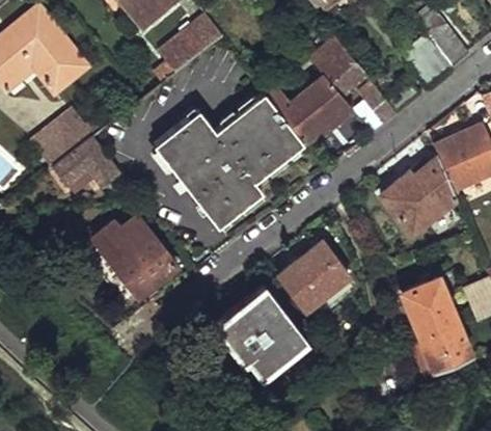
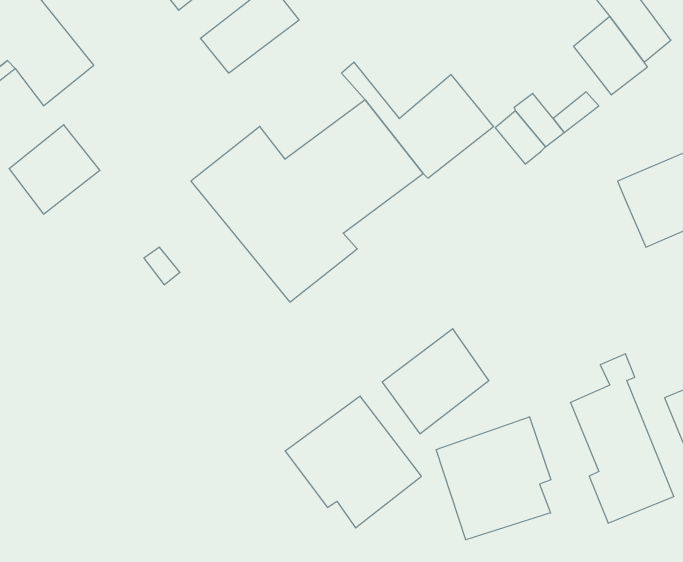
building: [310,37,369,97] -> none
building: [52,137,119,188] -> none
building: [380,157,456,233] -> none
building: [84,216,174,307] -> none
building: none -> [436,417,551,540]

